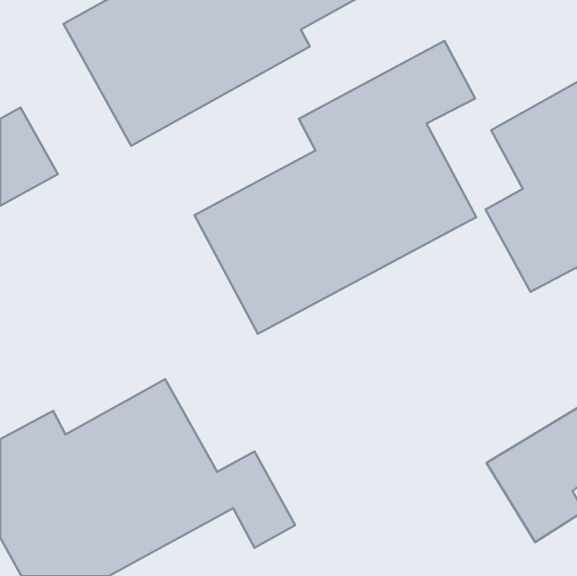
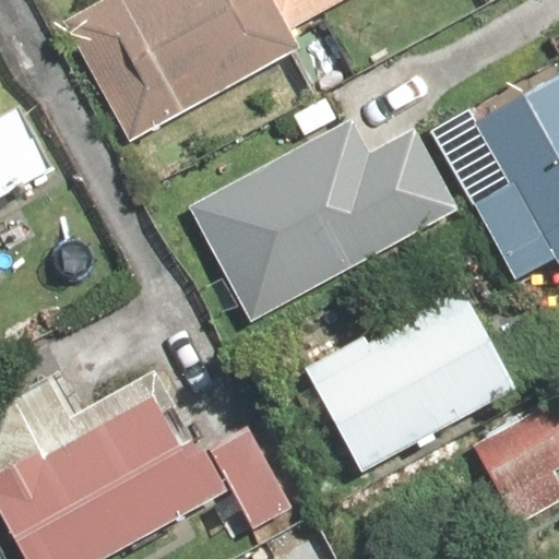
building: none -> [302,263,510,474]

